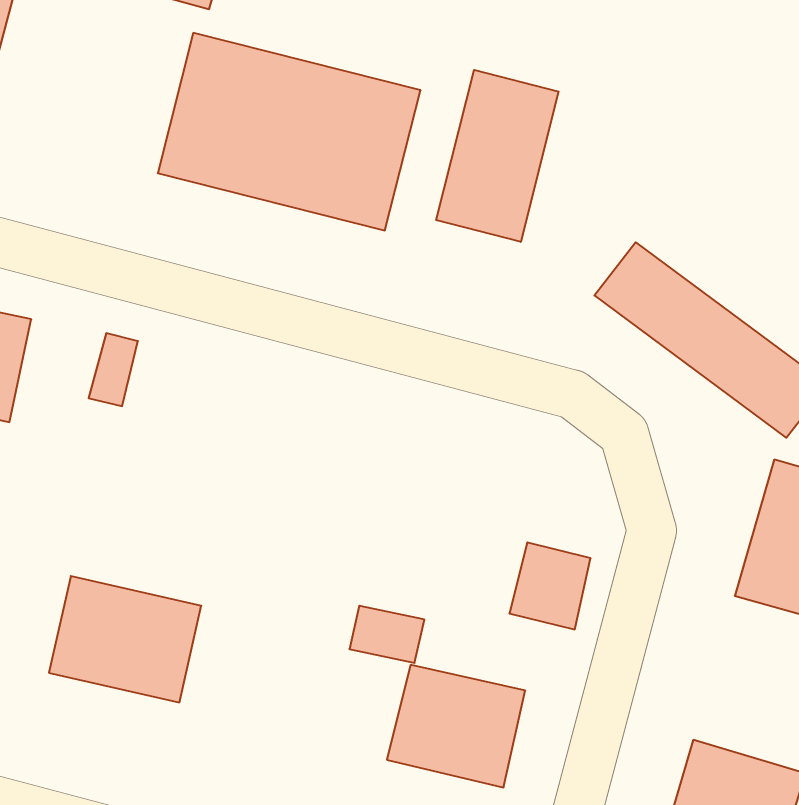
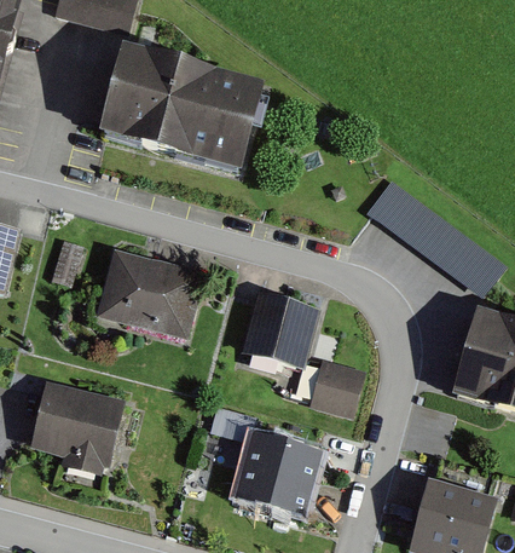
building: [436,70,559,242] -> none
building: none -> [98,252,203,339]
building: none -> [241,296,319,365]

